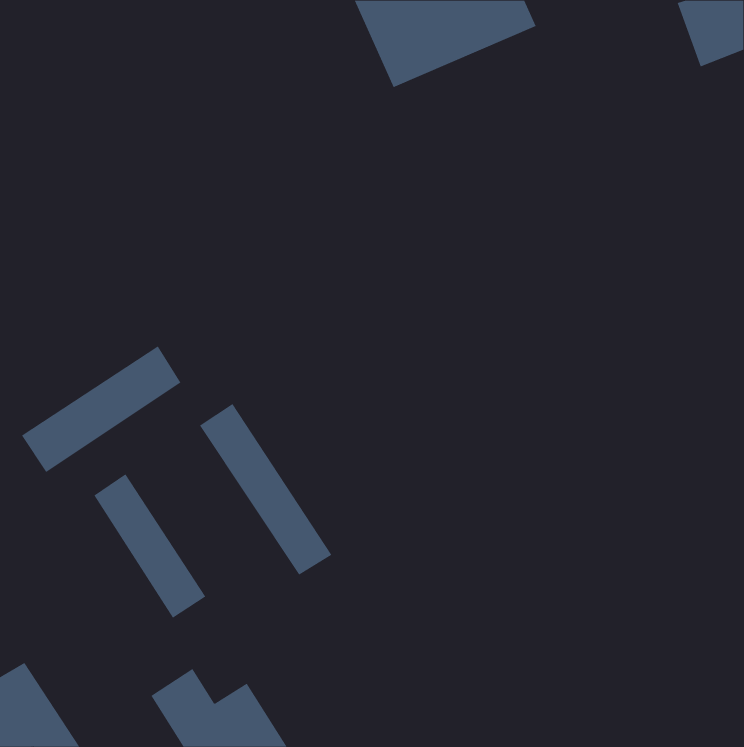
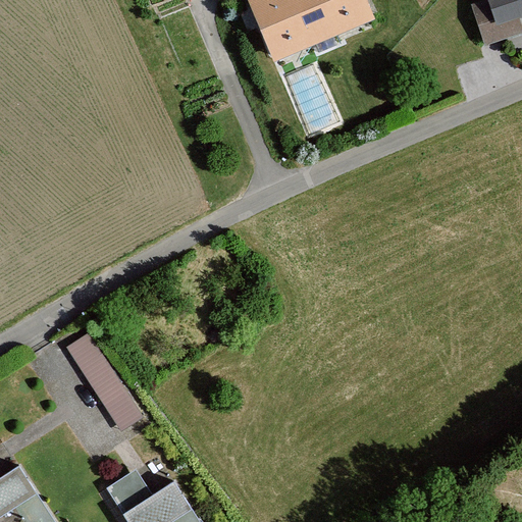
building: [21,346,181,473] -> none
building: [199,403,332,576] -> none

